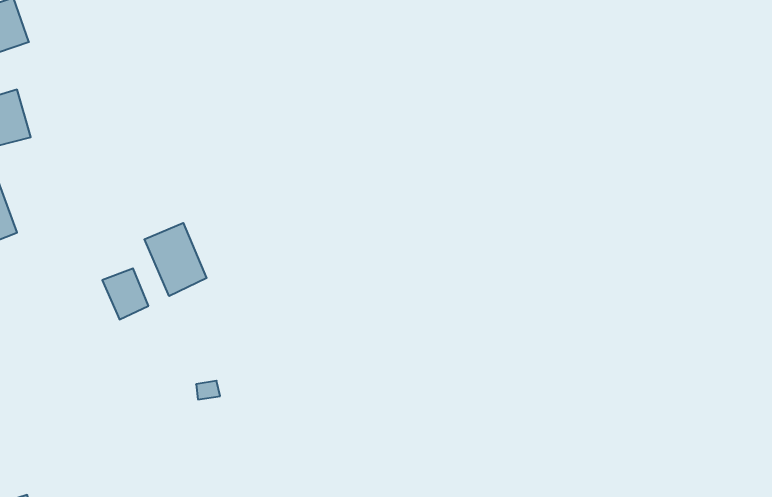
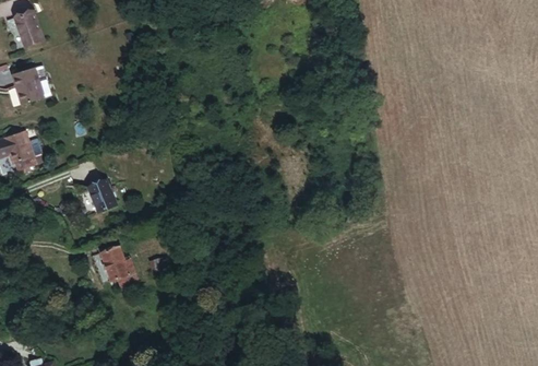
building: [144,223,207,296] -> none
building: none -> [103,250,141,295]

